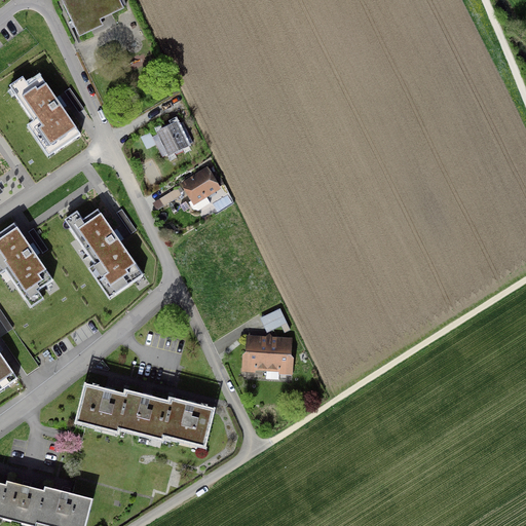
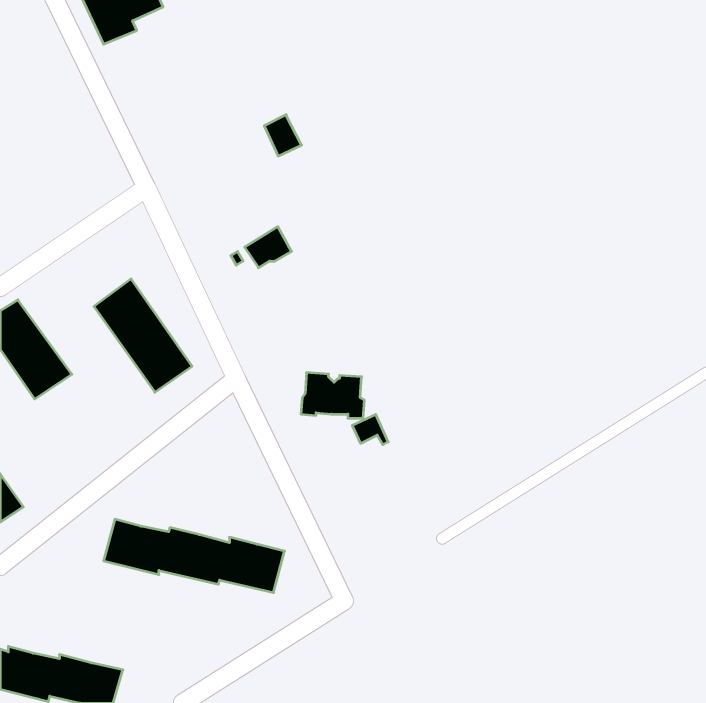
building: [9,77,81,156] -> none
building: [158,123,186,154] -> [264,115,302,156]
building: [243,337,291,371] -> [301,373,364,418]

